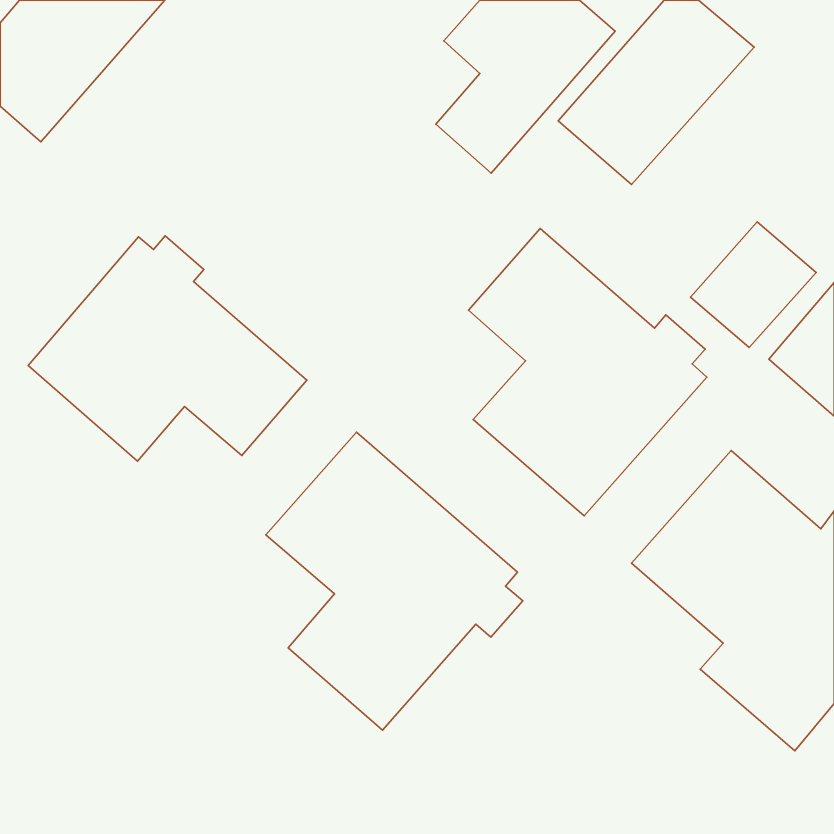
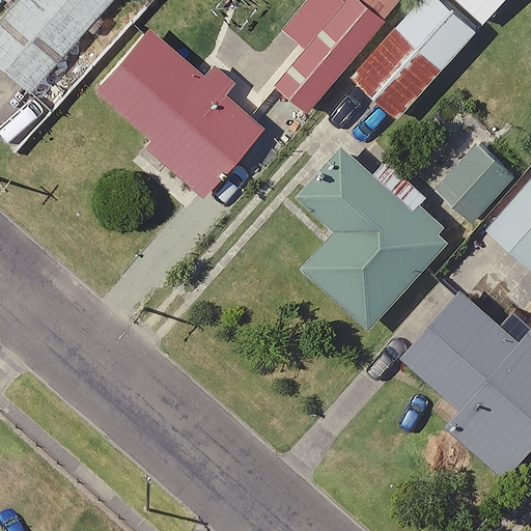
building: none -> [88,27,260,199]
building: [28,236,307,461] -> none
building: [266,432,523,730] -> none

